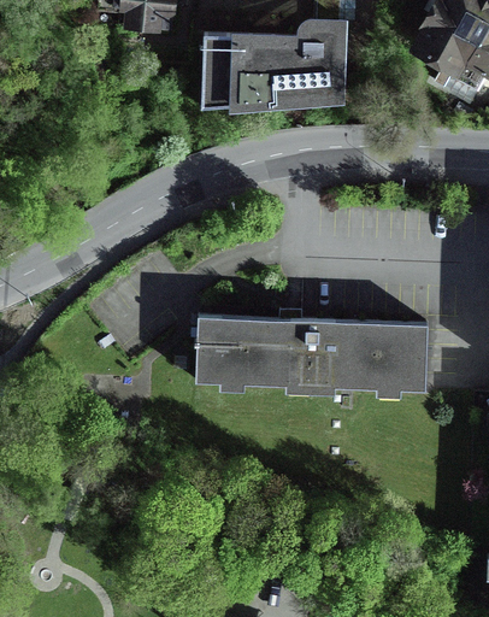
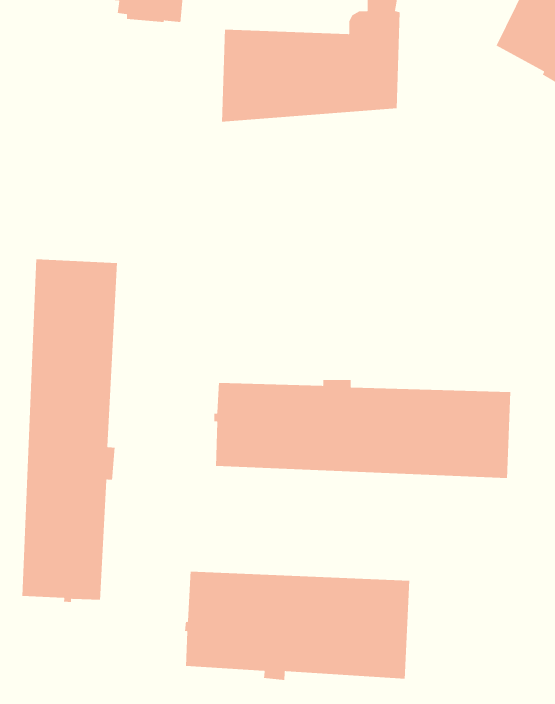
building: none -> [21,258,118,603]
building: none -> [184,571,410,681]

